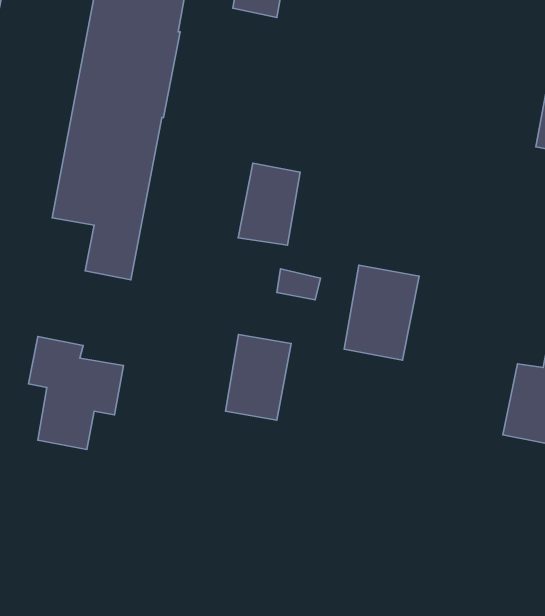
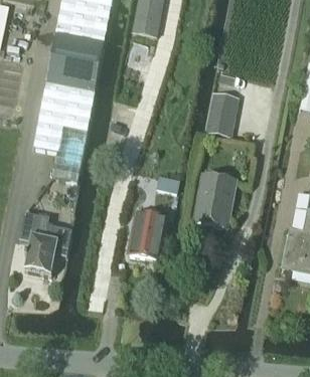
building: [238,163,300,245] -> [206,91,241,137]

